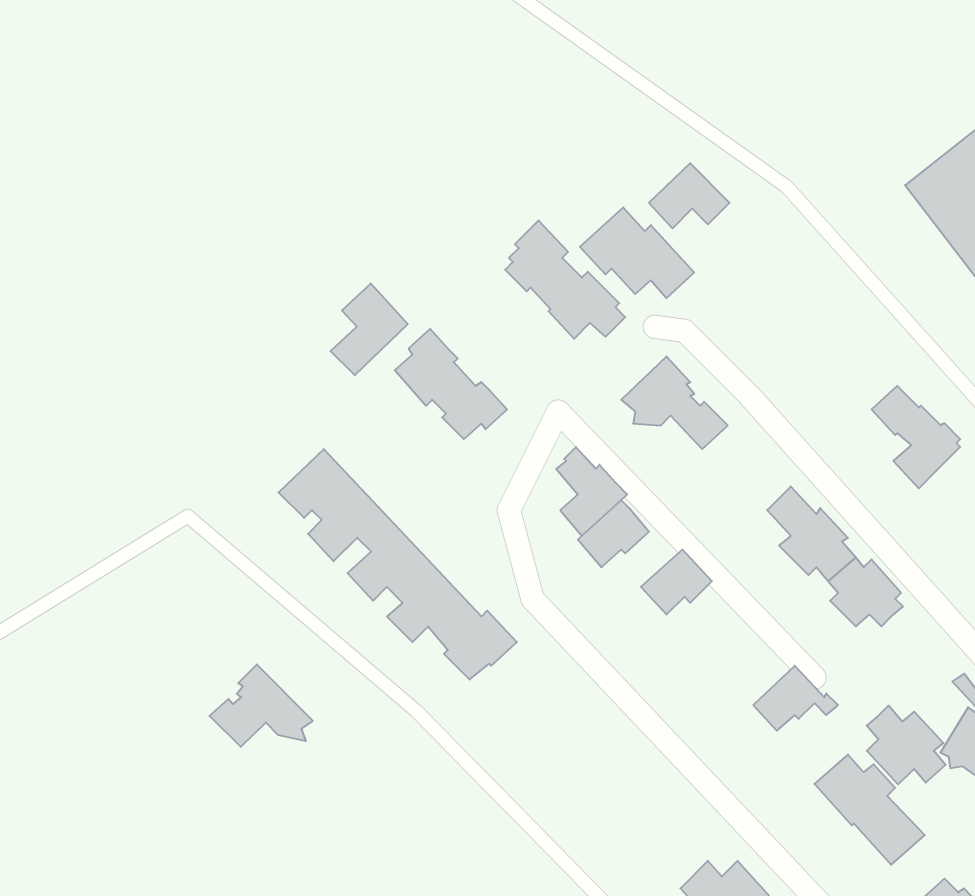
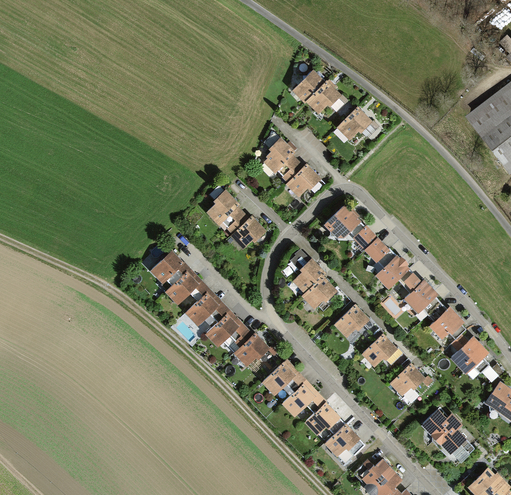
building: [580,207,694,298] -> [291,67,349,113]
building: [330,283,408,375] -> none
building: [872,386,960,488] -> [364,239,409,291]
building: none -> [362,331,398,364]
building: [209,664,313,747] -> none
building: none -> [262,361,364,458]
building: [867,706,946,784] -> [449,336,489,376]

